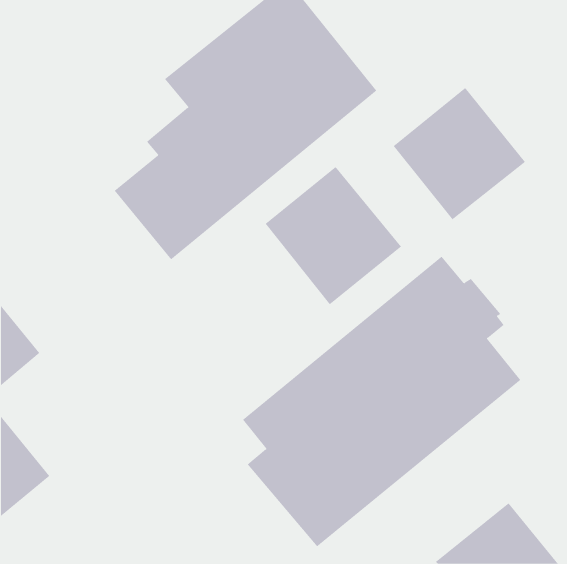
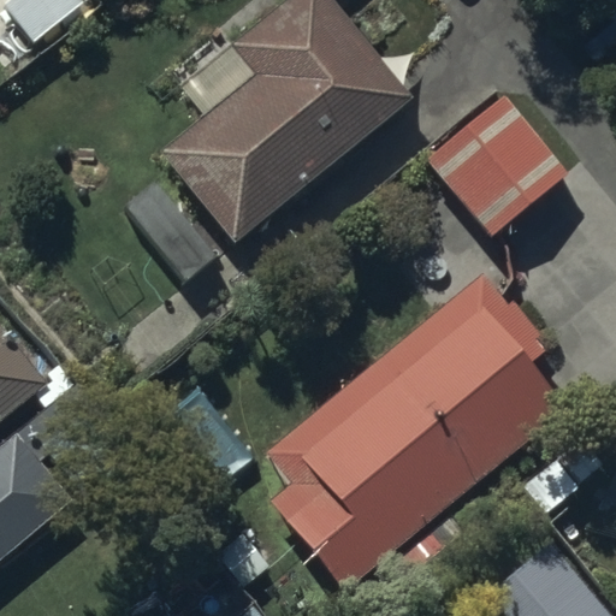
building: [265,166,402,305] -> none

